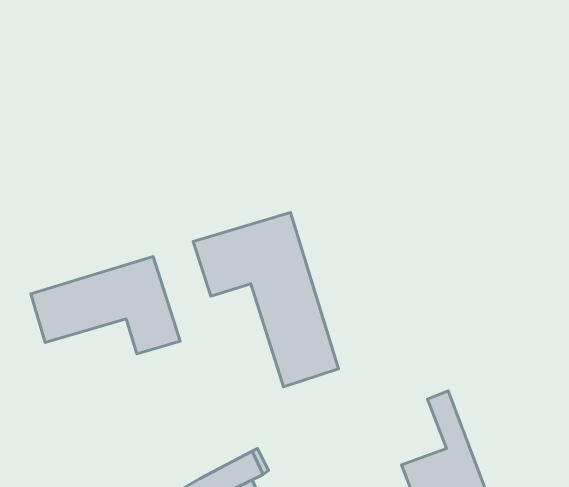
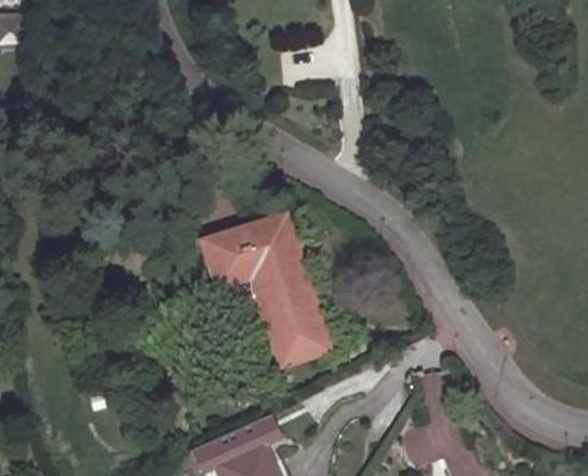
building: [31,256,180,354] -> none

